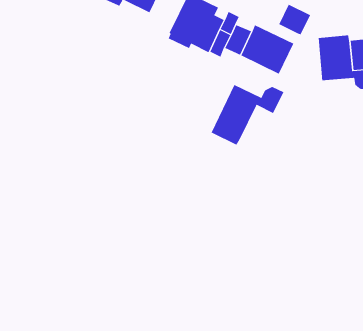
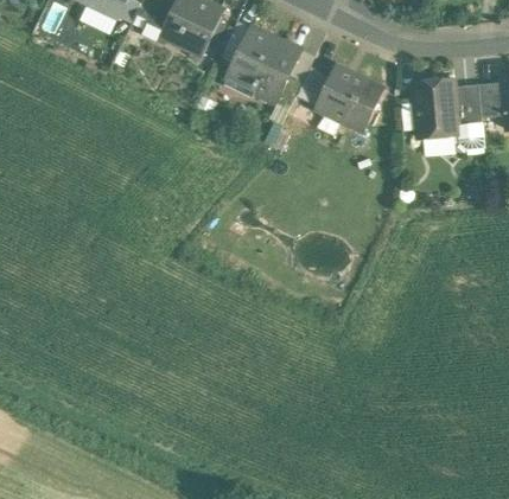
building: [278,4,311,35] -> none
building: [211,84,284,146] -> none

